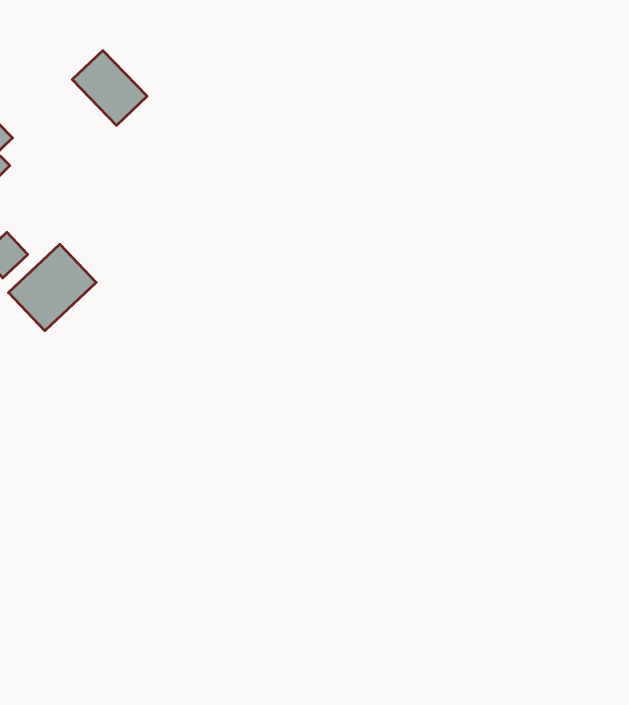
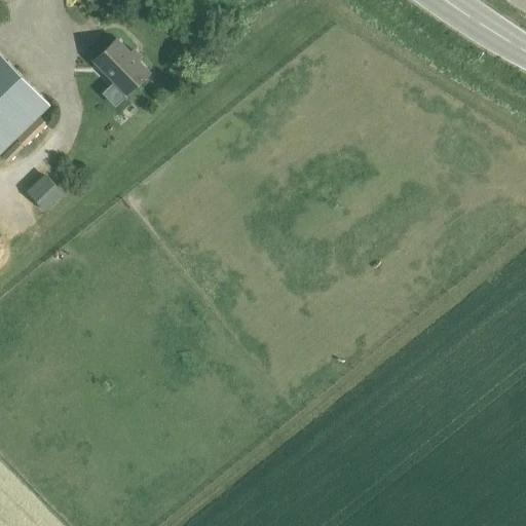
building: [8,244,96,331] -> none

